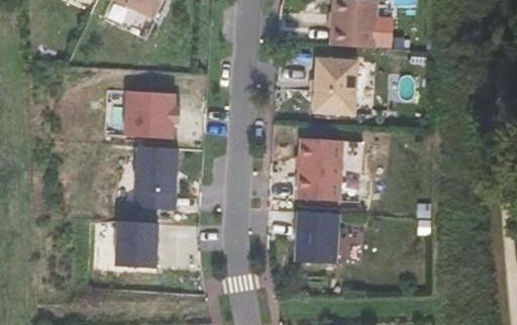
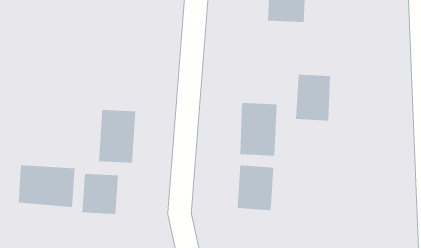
building: [315,59,356,113] -> [295,74,331,121]
building: [124,91,175,138] -> none
building: none -> [18,164,75,208]

